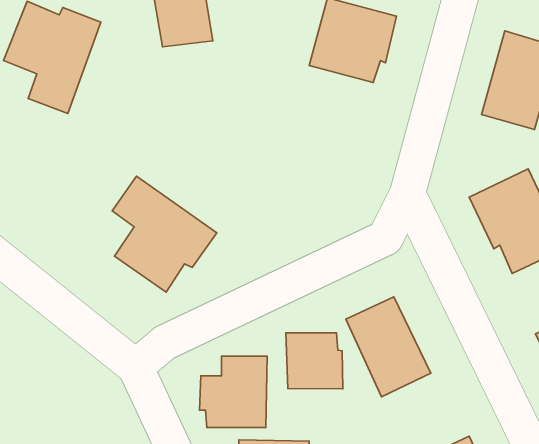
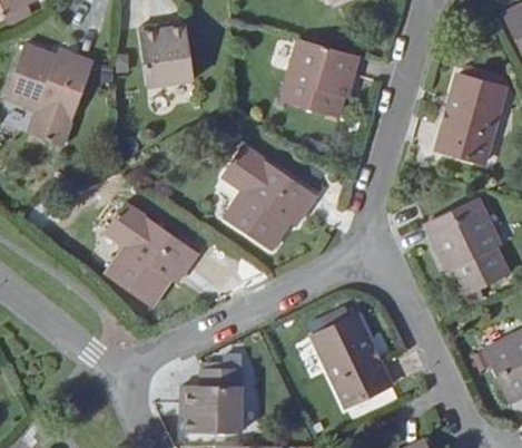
building: none -> [224,148,318,252]
building: [286,333,343,389] -> none

